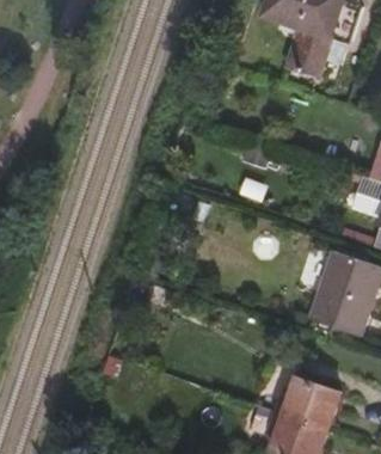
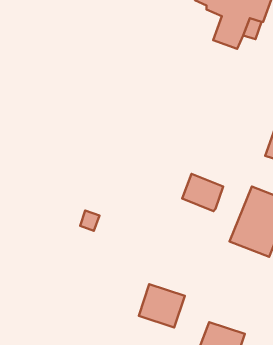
building: none -> [182,174,223,211]
building: [281,375,338,429] -> [139,284,185,327]

